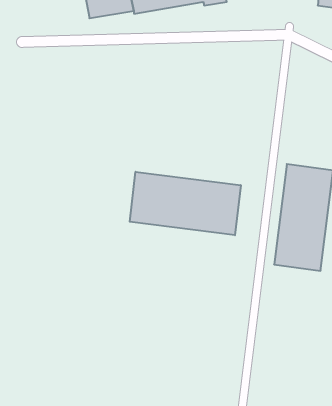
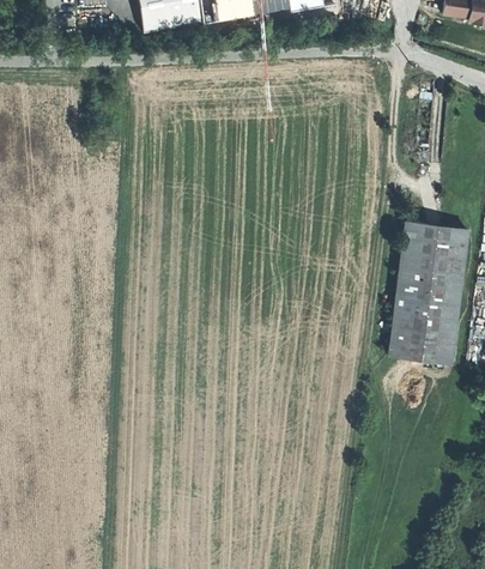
building: [130,172,241,235] -> none

